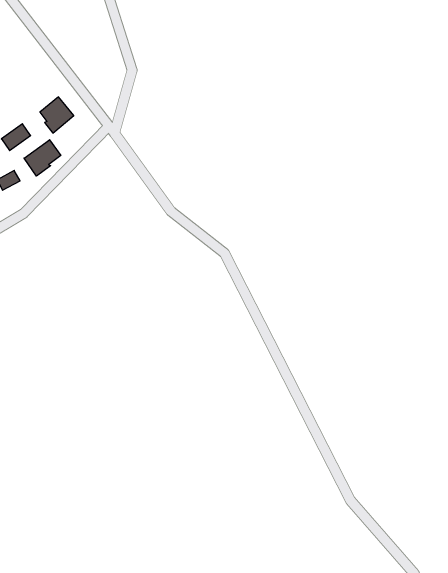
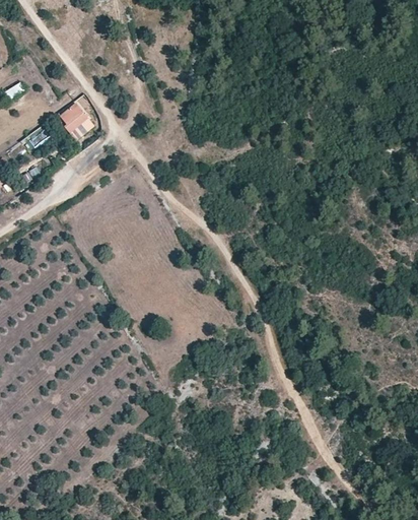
building: [24,140,61,176] -> none

